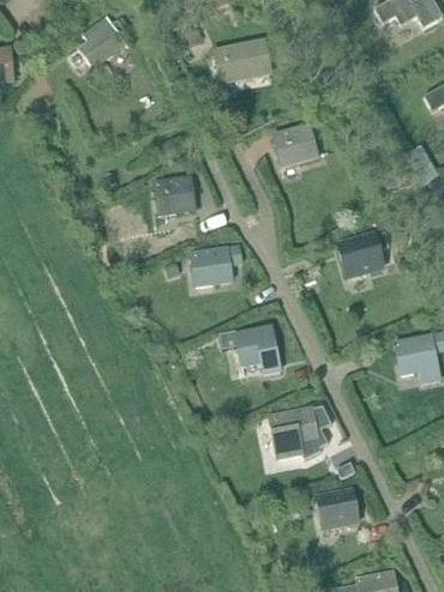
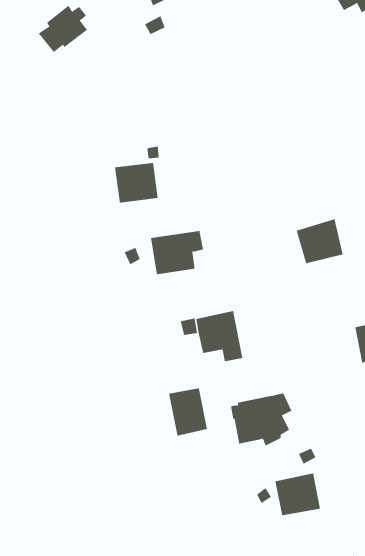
building: [212,40,269,79] -> none
building: [271,121,319,168] -> none
building: none -> [168,388,208,437]

